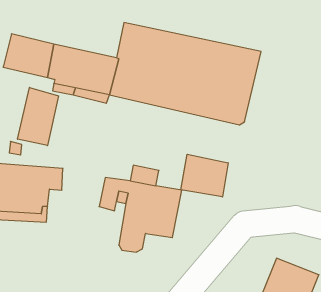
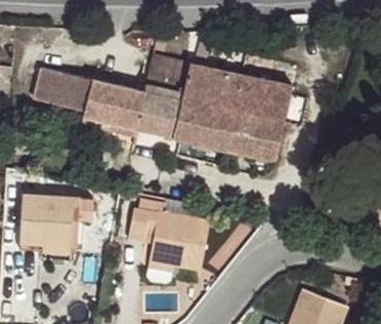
building: [18,87,59,146] -> none
building: [181,154,228,197] -> none

